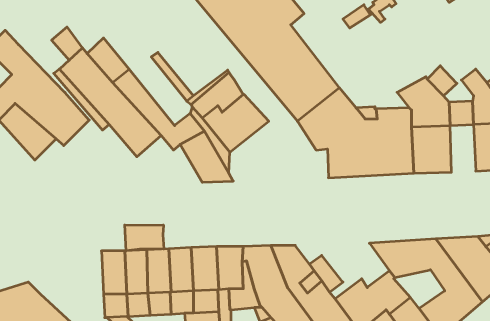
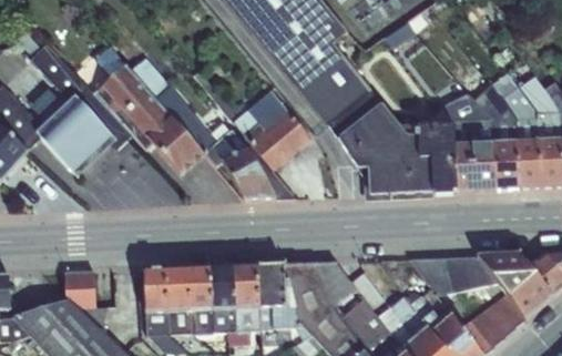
building: none -> [492,142,518,190]
building: [125,225,164,251] -> none
building: none -> [63,268,94,312]

